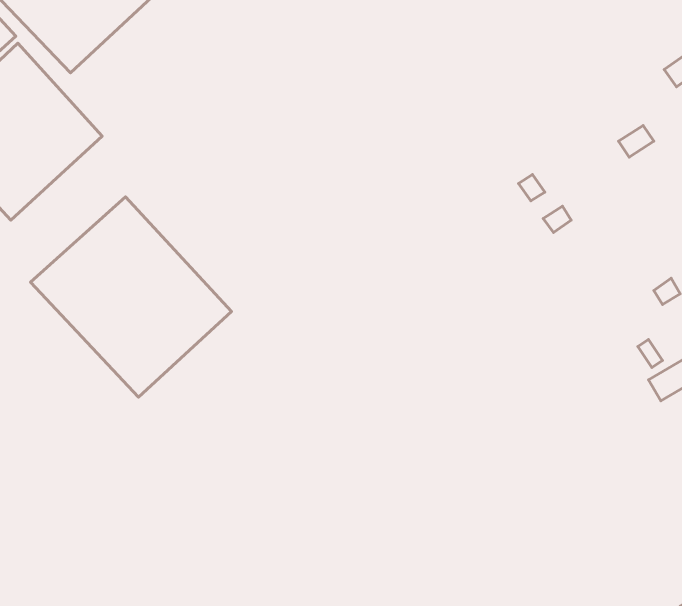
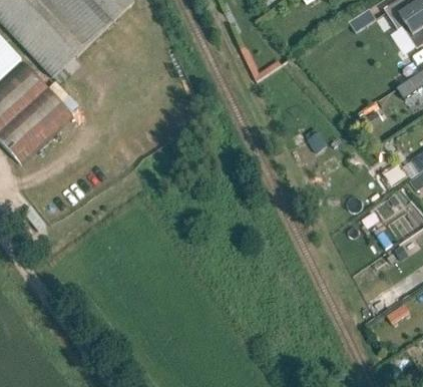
building: [31,197,231,397] -> none

